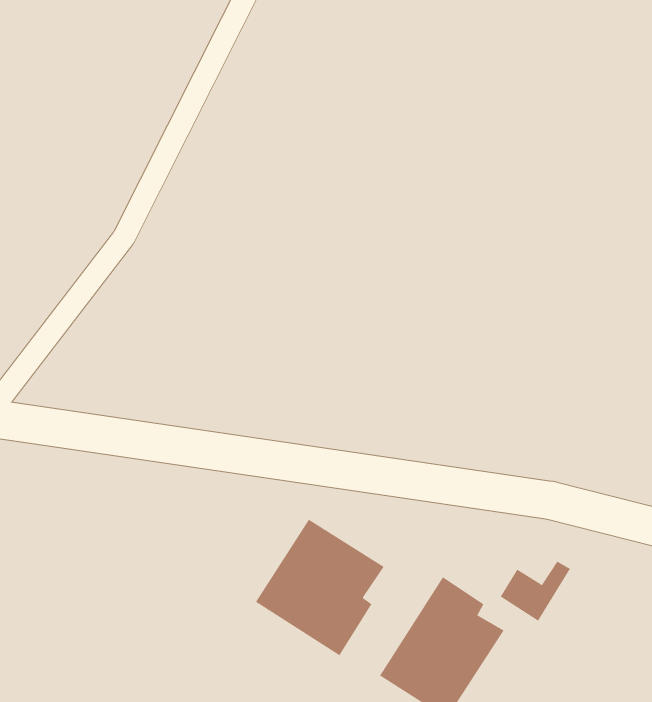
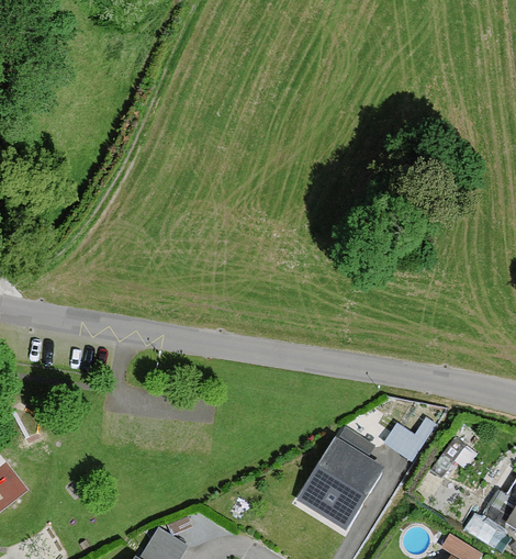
building: [255,519,385,656] -> none

